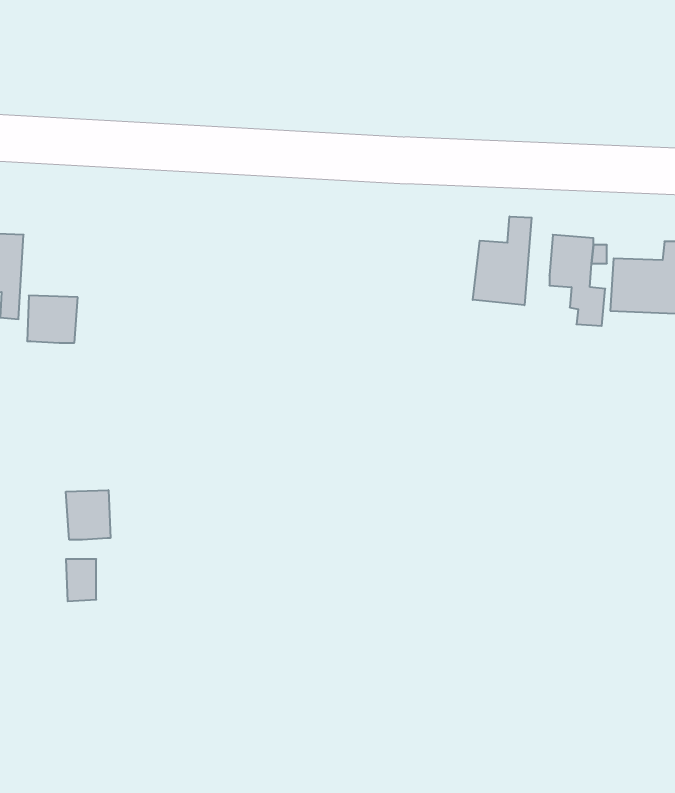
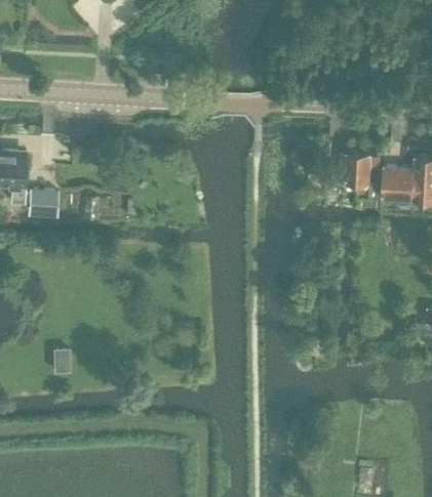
building: [473,216,532,305] -> none
building: [66,490,110,540] -> none

